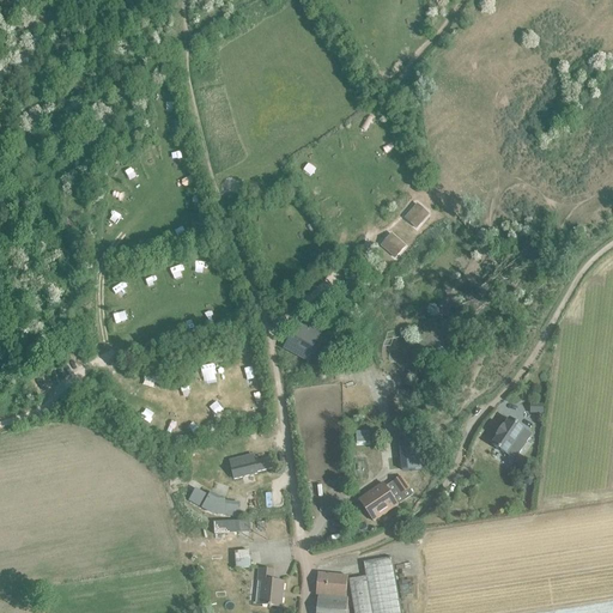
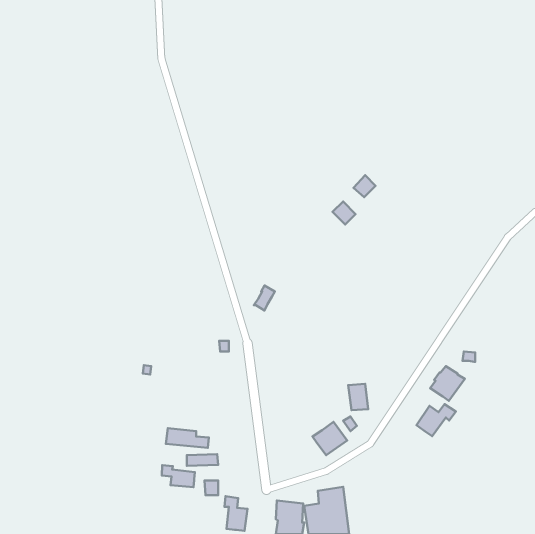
building: [229,454,271,478] -> none
building: none -> [417,404,456,436]
building: none -> [162,465,195,487]

